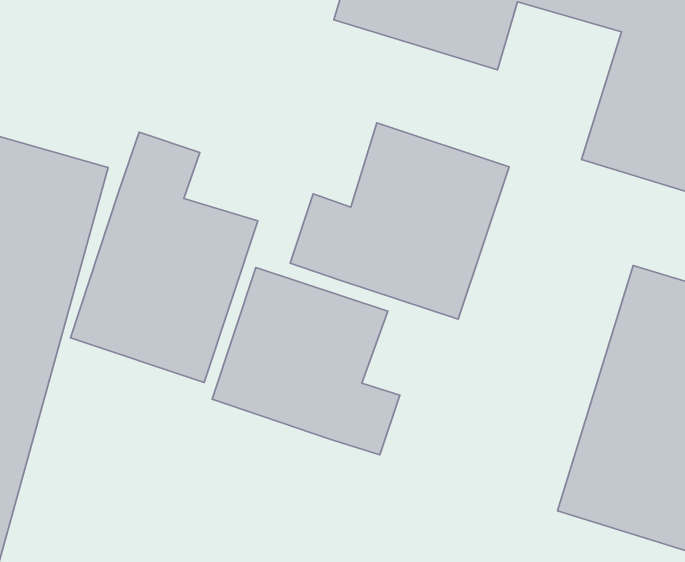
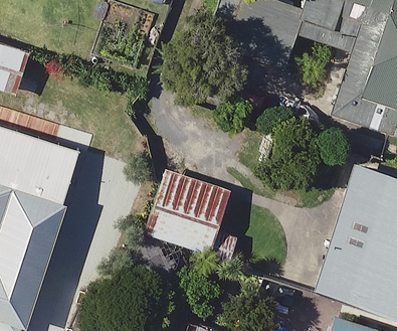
building: [290,123,509,319] -> none
building: [70,132,258,382] -> none

